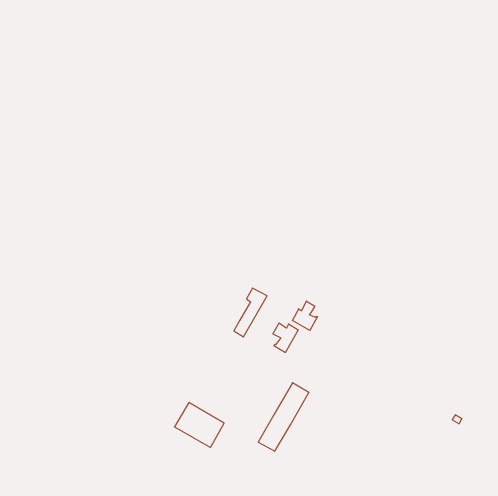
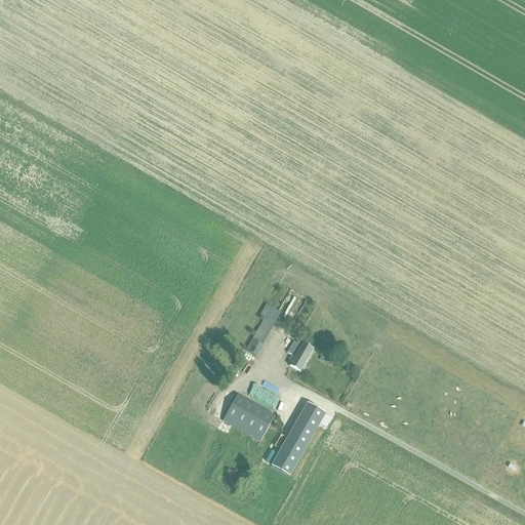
building: [292,301,318,330] -> none
building: [174,403,224,447] -> [223,393,275,440]

